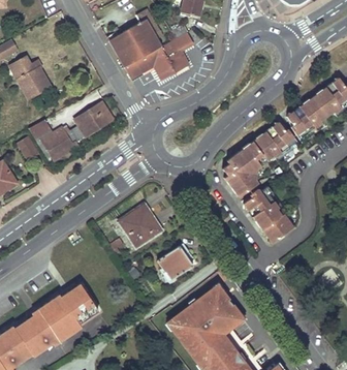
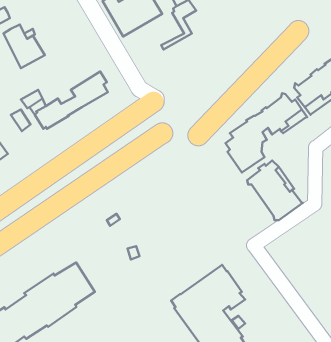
building: [125,41,183,80] -> none
building: [120,203,162,246] -> none
building: [158,243,193,279] -> none

